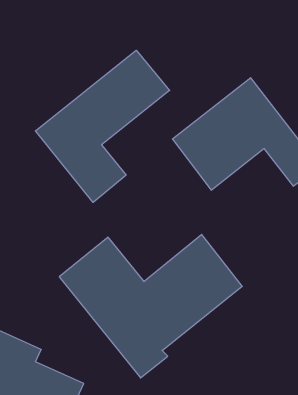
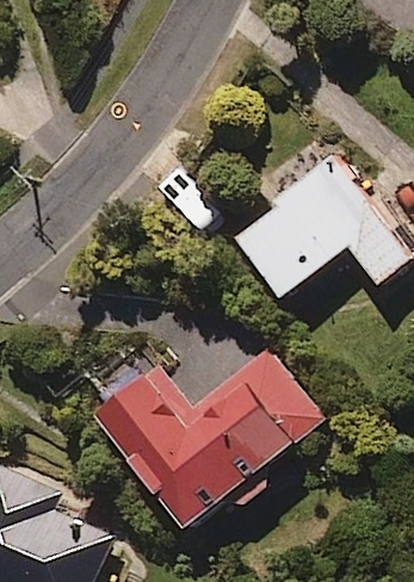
building: [35,50,170,202] -> none

